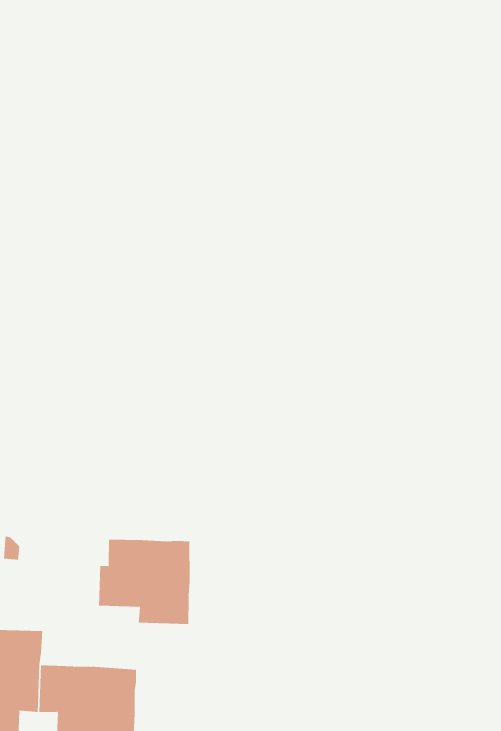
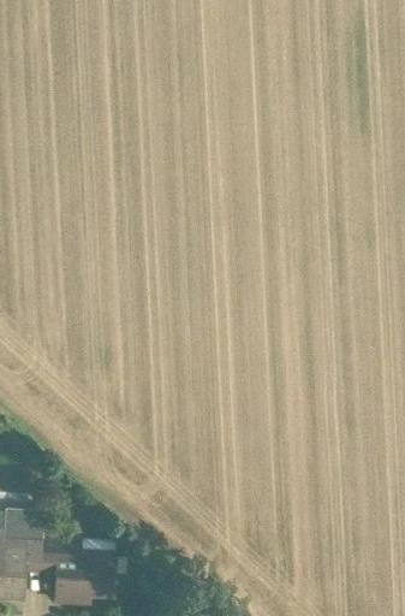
building: [99,539,190,625] -> none

